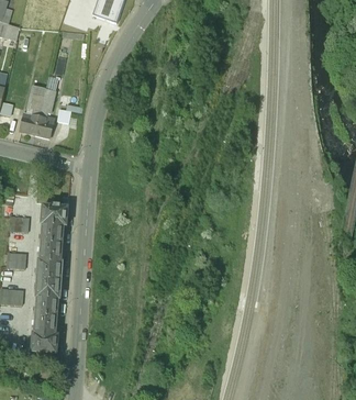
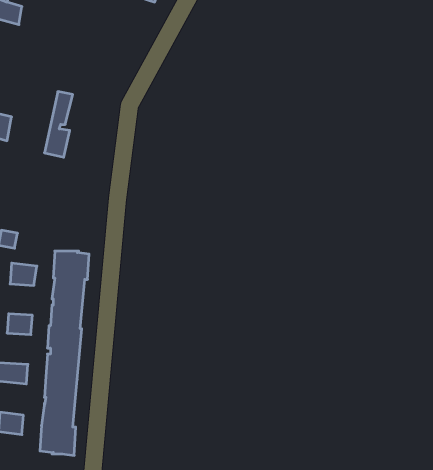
building: [19,84,45,134] -> none

